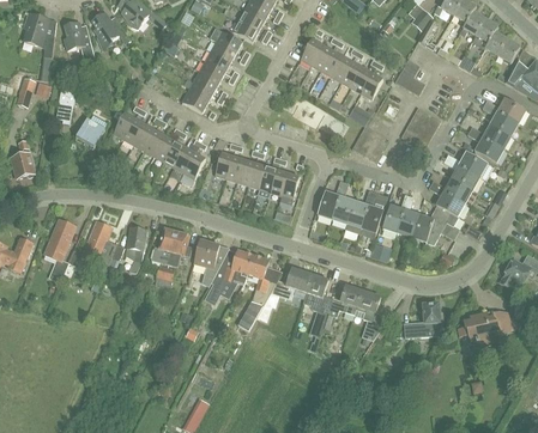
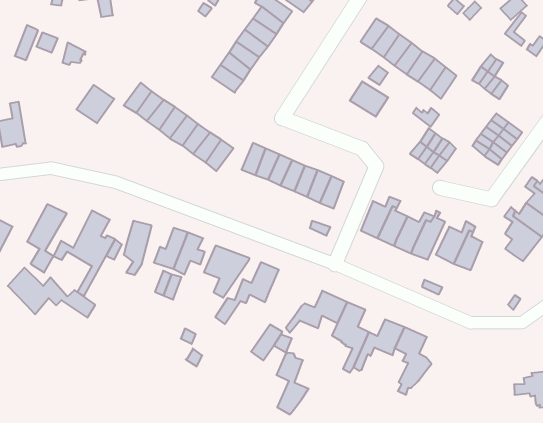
building: [411,205,452,244] -> none
building: [248,254,276,304] -> [276,353,309,414]
building: none -> [8,268,95,318]
building: [404,300,443,336] -> none

